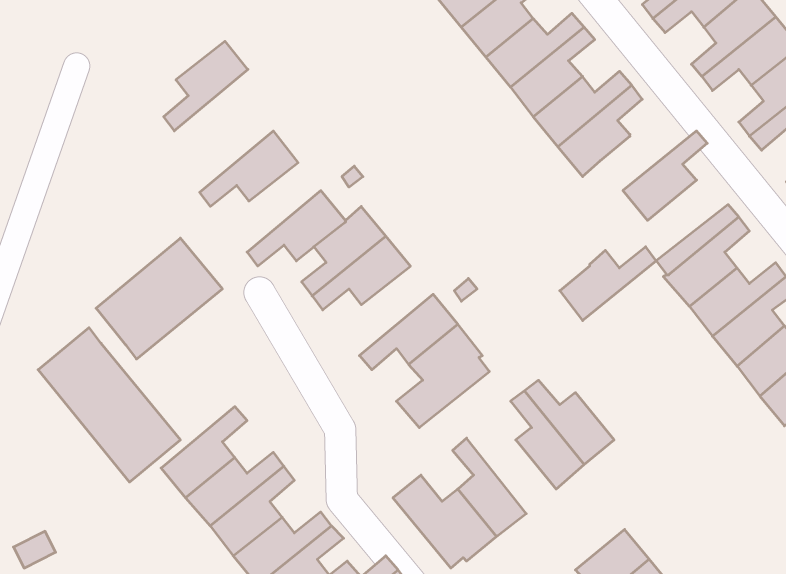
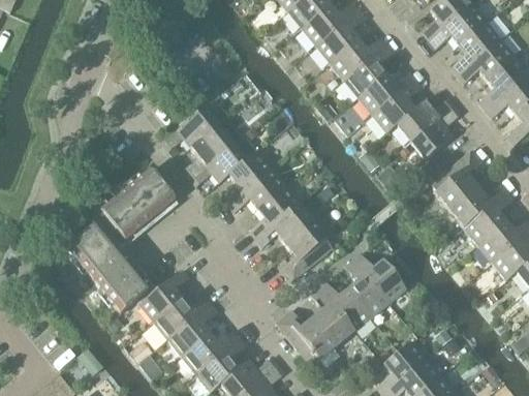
building: [164,41,248,131] -> [184,125,234,178]
building: [560,247,656,321] -> [398,98,455,142]
building: none -> [250,186,300,239]
building: none -> [319,281,372,332]

